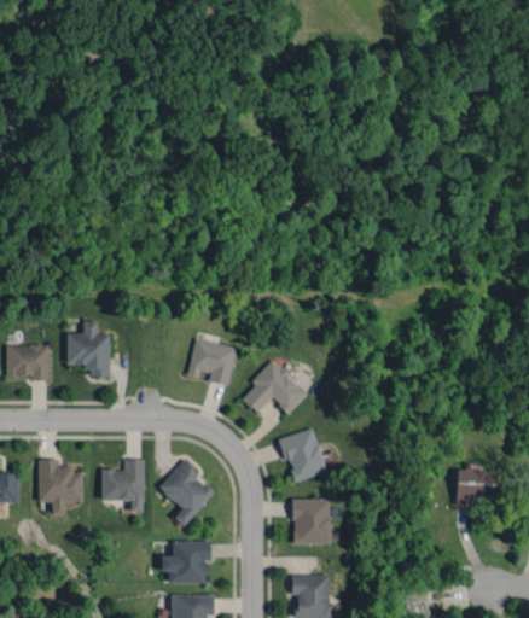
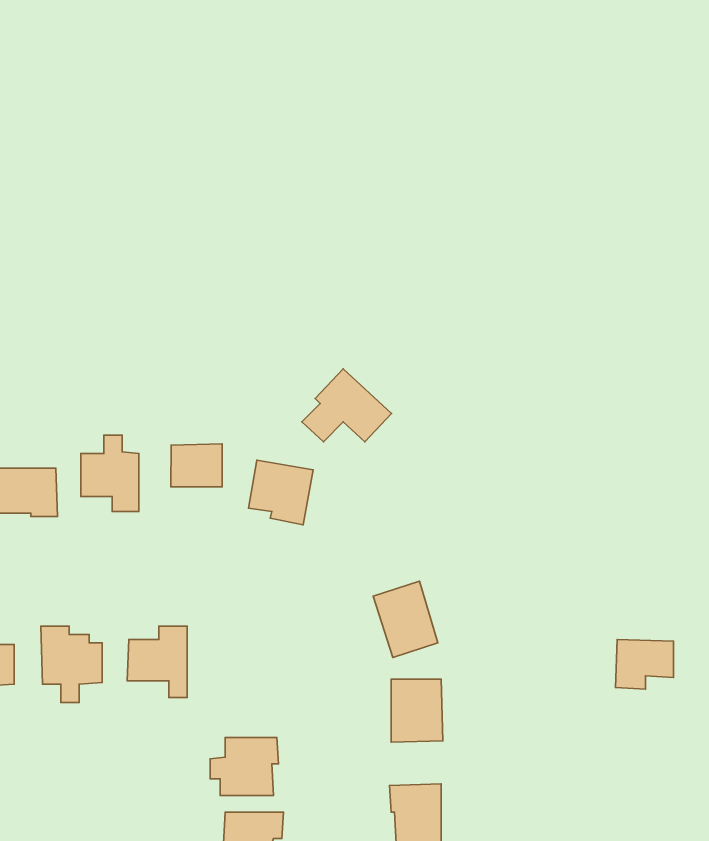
building: none -> [171,444,222,487]
building: [242,360,307,413] -> [302,369,391,442]
building: [158,461,215,526] -> none

